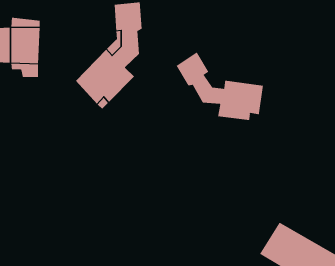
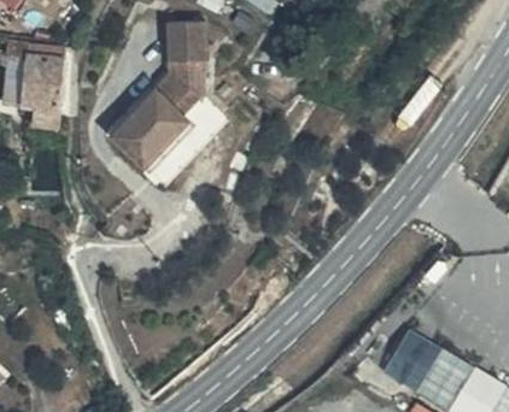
building: [176,52,263,121] -> none

